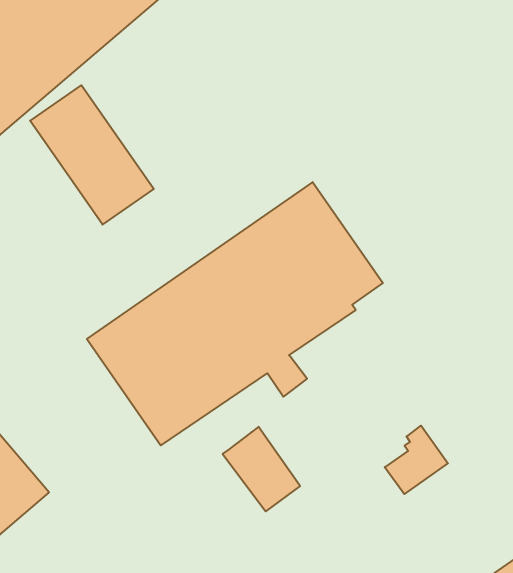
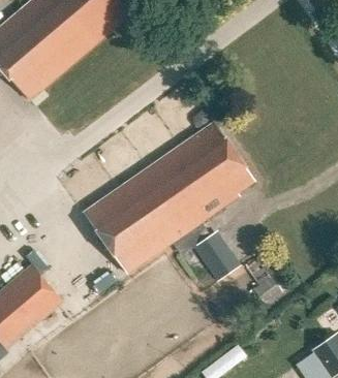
building: [30,85,154,225] -> none
building: [223,427,300,511] -> [193,232,238,281]

